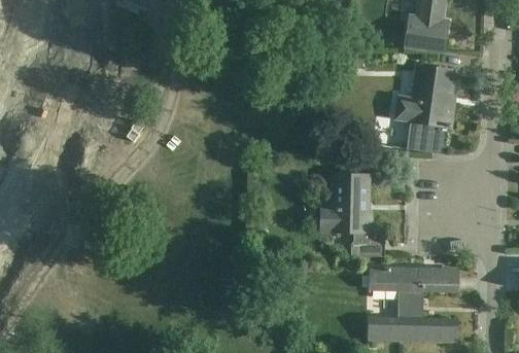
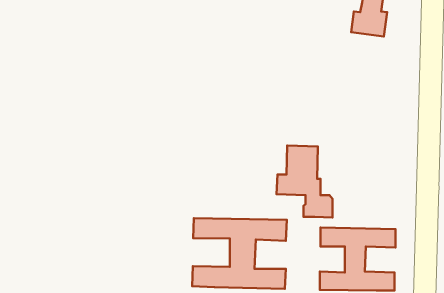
building: [396,66,453,154] -> none
building: none -> [192,218,287,289]

